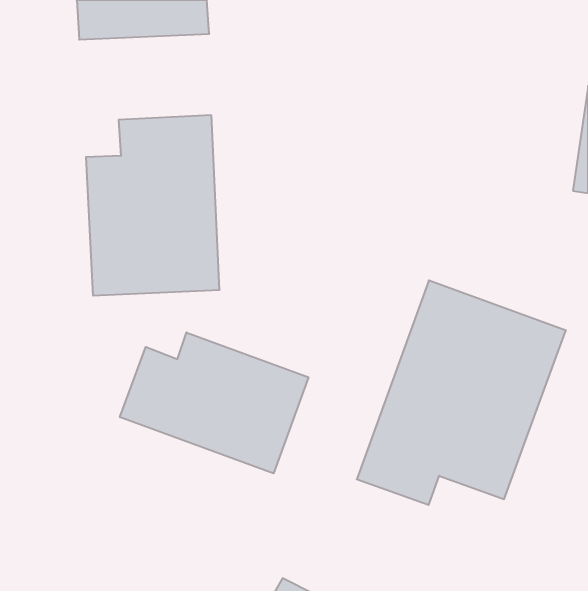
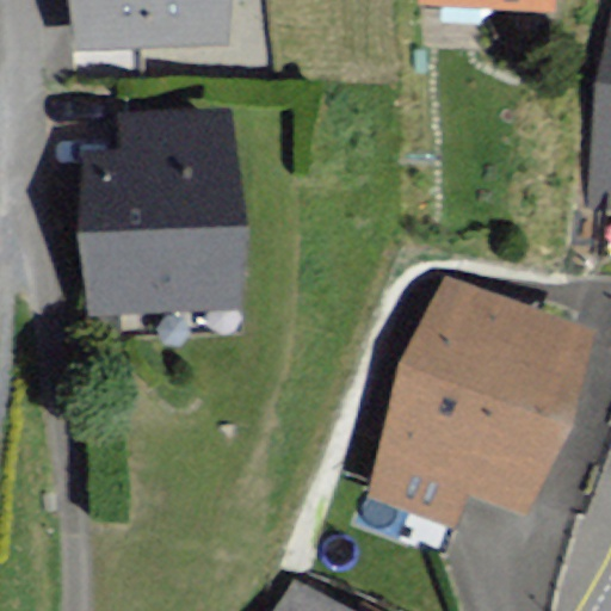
building: [120,332,308,473] -> none

